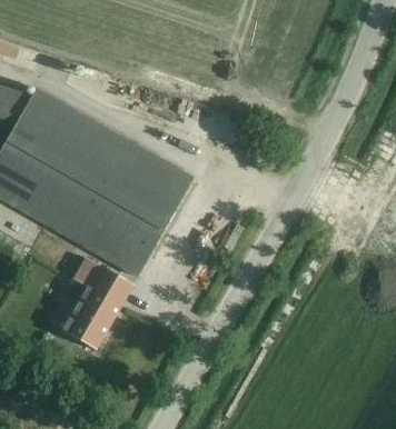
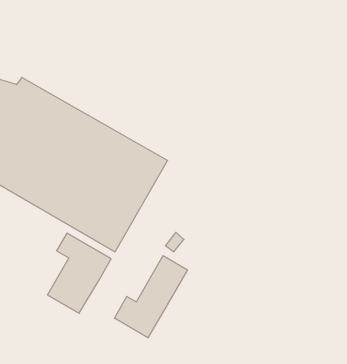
building: none -> [114,256,187,338]

